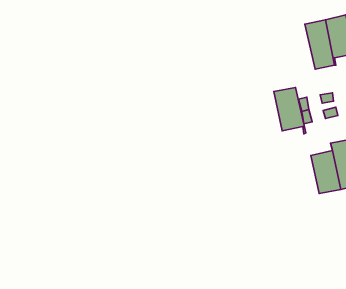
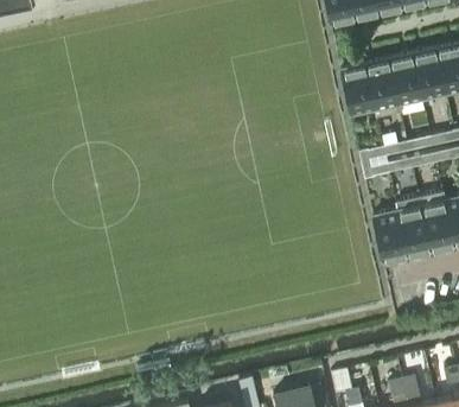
building: [274,88,306,134] -> [340,63,377,116]

